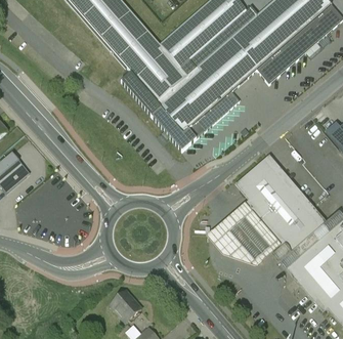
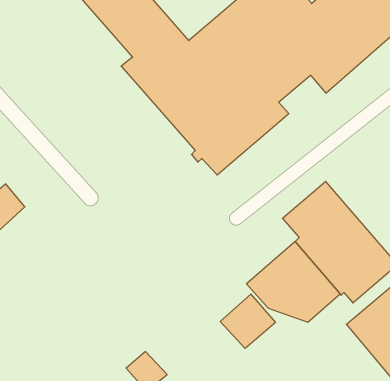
building: none -> [220,294,275,348]

